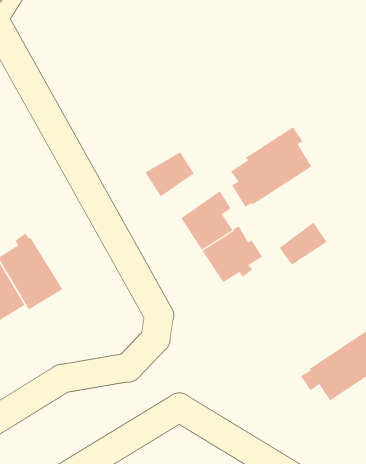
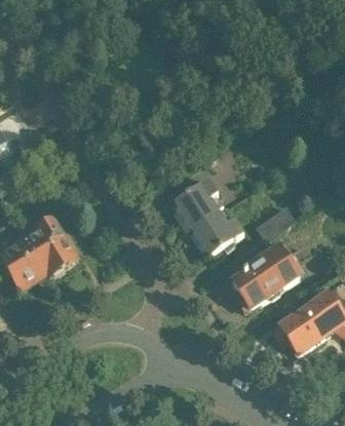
building: [230,127,312,208] -> [231,243,299,310]
building: [144,151,194,197] -> none

